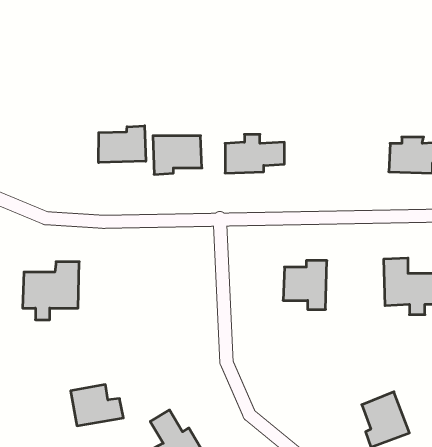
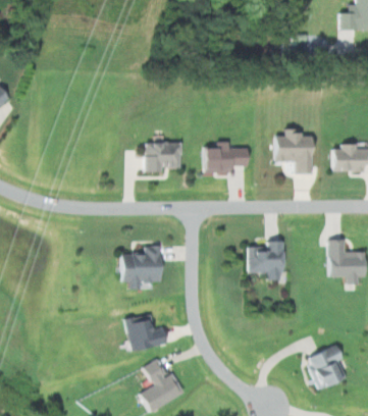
building: none -> [272,134,314,174]
building: [99,126,146,163] -> none
building: [23,262,79,320] -> [118,246,163,292]
building: [71,385,123,426] -> [125,318,167,351]

